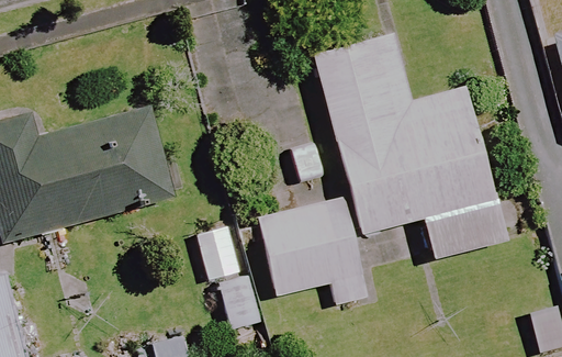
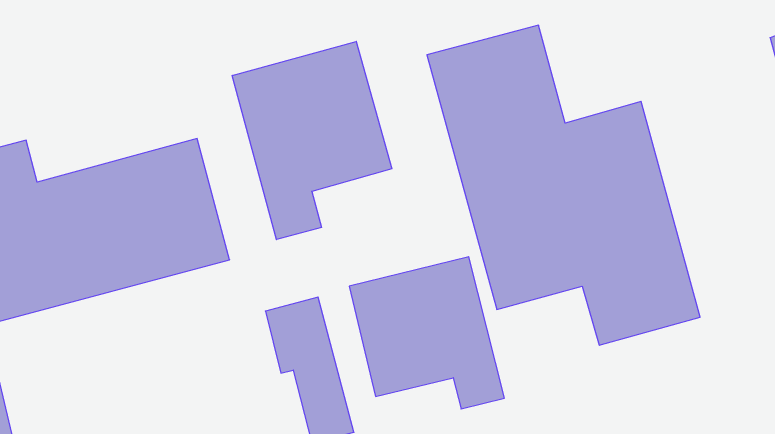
building: none -> [232,41,392,240]

